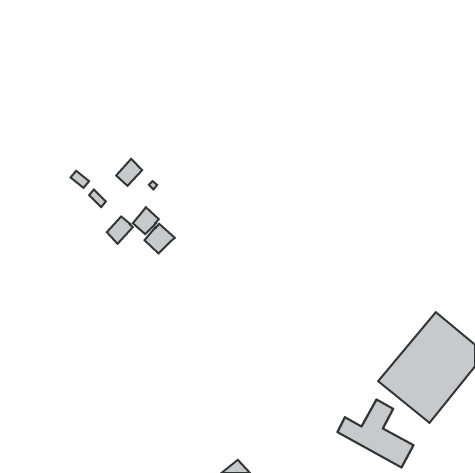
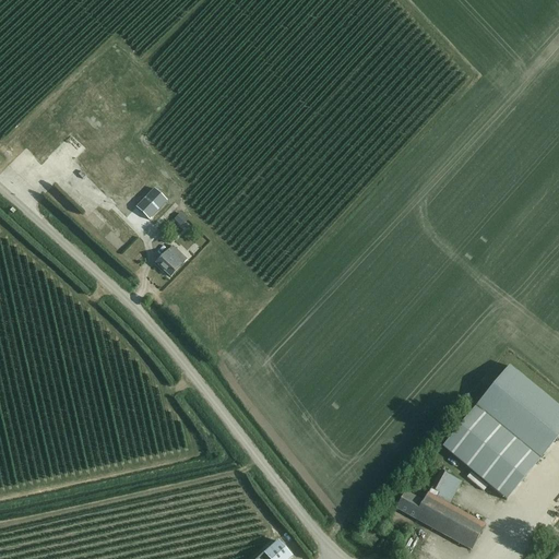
building: [107,217,133,244] -> none
building: [144,224,175,253] -> none

